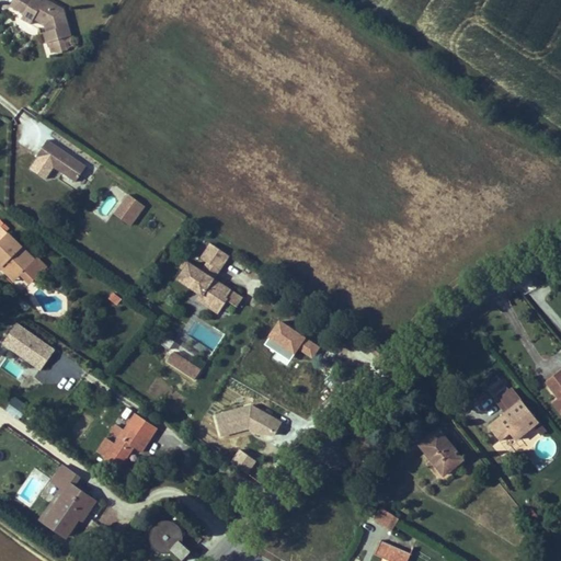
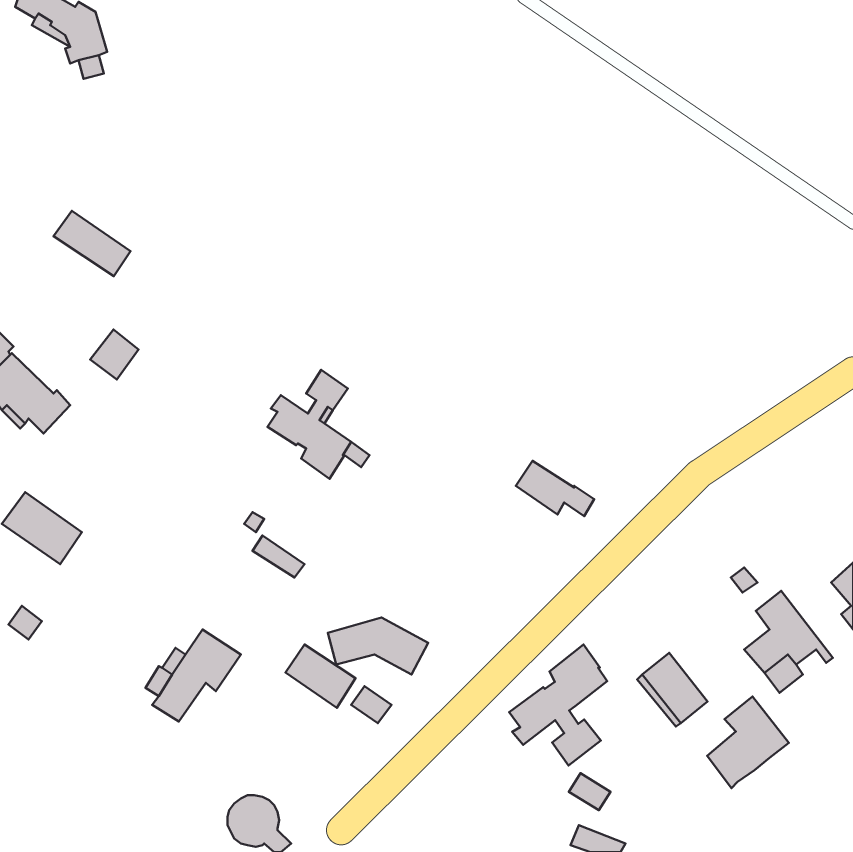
building: [112,192,144,225] -> [90,329,139,380]
building: [267,321,319,357] -> [516,461,594,516]
building: none -> [285,644,356,708]
building: none -> [509,644,607,766]
building: none -> [707,696,789,788]
building: [38,463,95,539] -> none

